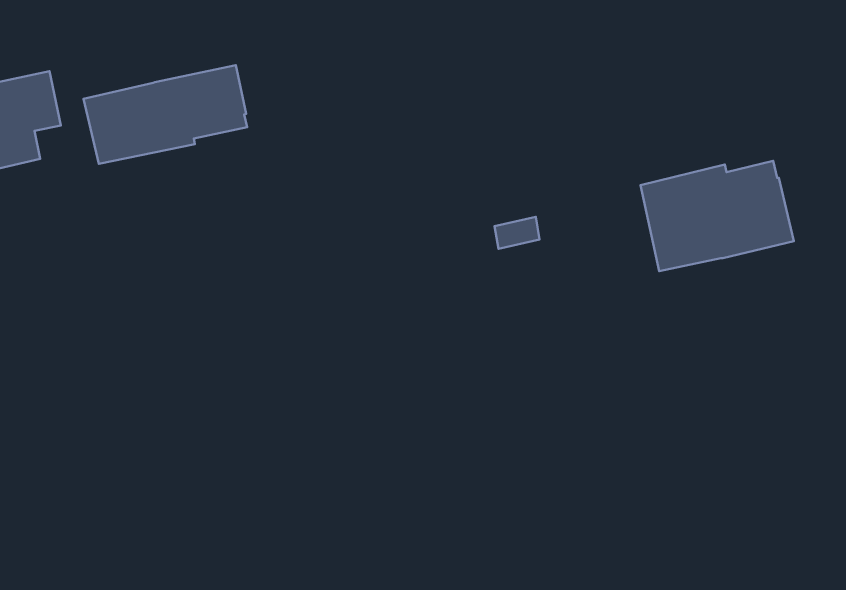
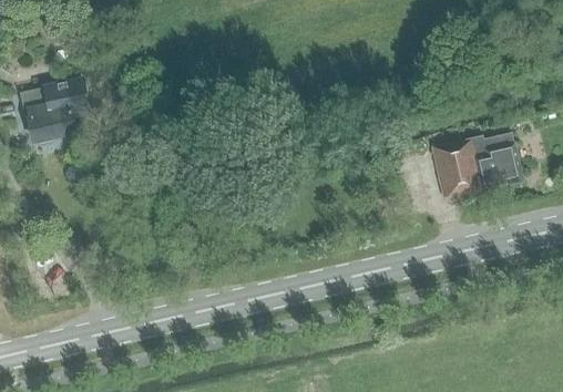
building: [83,65,247,164] -> none

